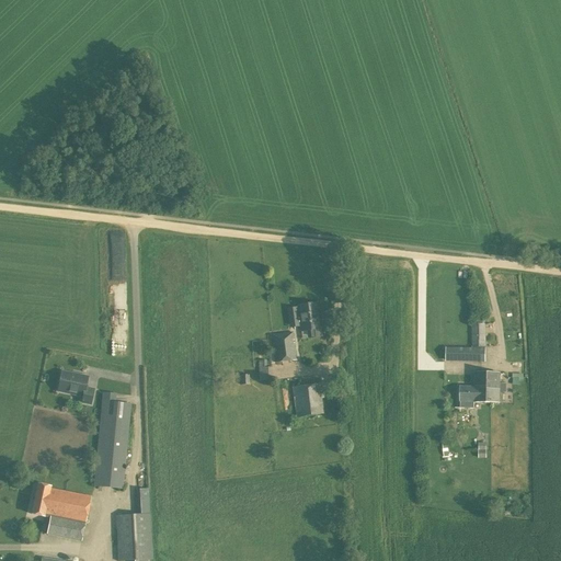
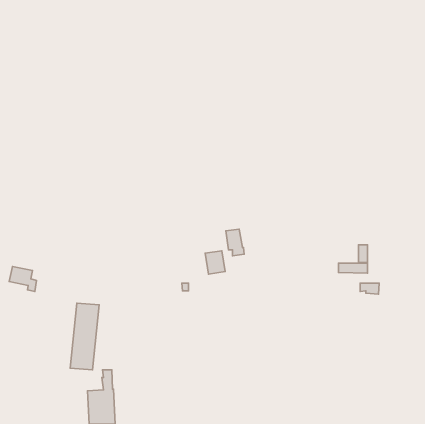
building: [56,369,92,402] -> [9,266,37,291]
building: [291,381,322,415] -> none
building: [459,382,502,407] -> none
building: [31,483,88,534] -> none

